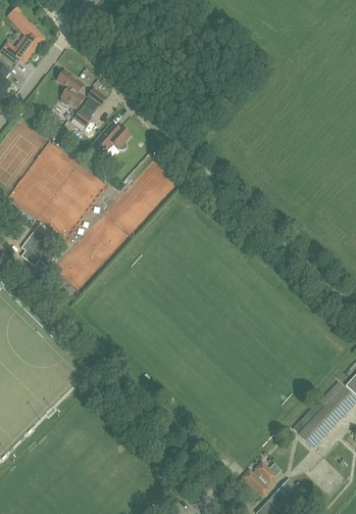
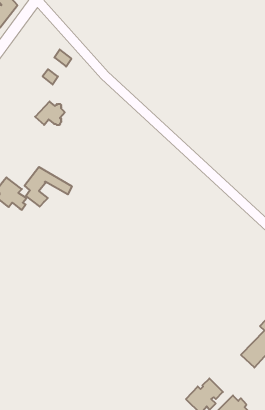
building: [55,69,84,107] -> none
building: [95,123,129,149] -> [35,101,65,125]
building: none -> [25,167,72,207]

